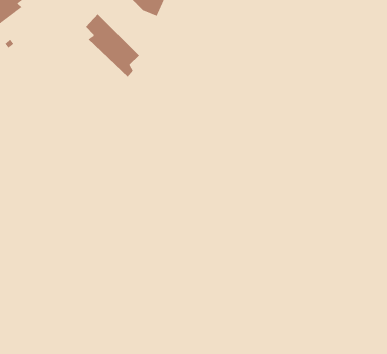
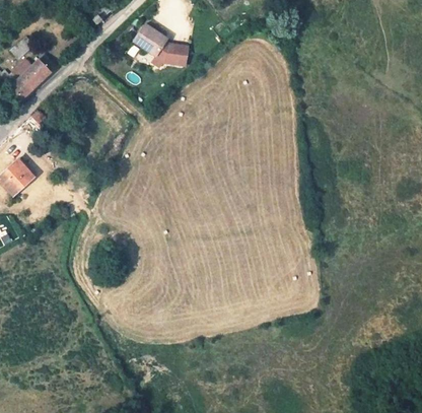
building: [85,14,140,77] -> none

